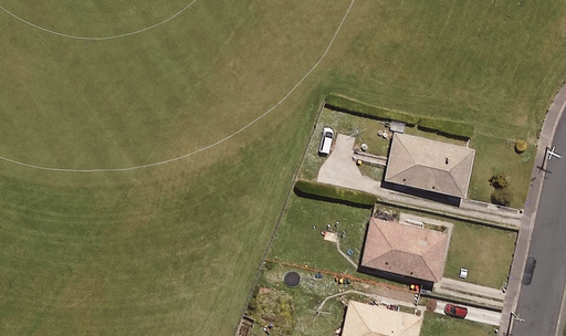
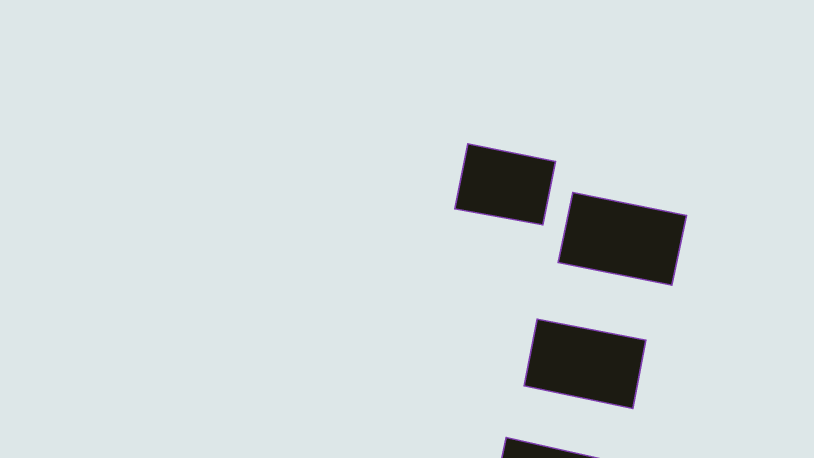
building: none -> [455,144,555,225]

